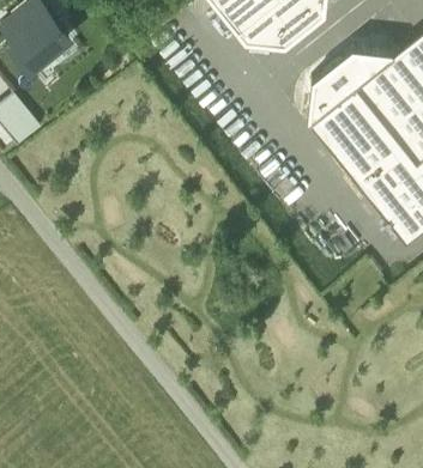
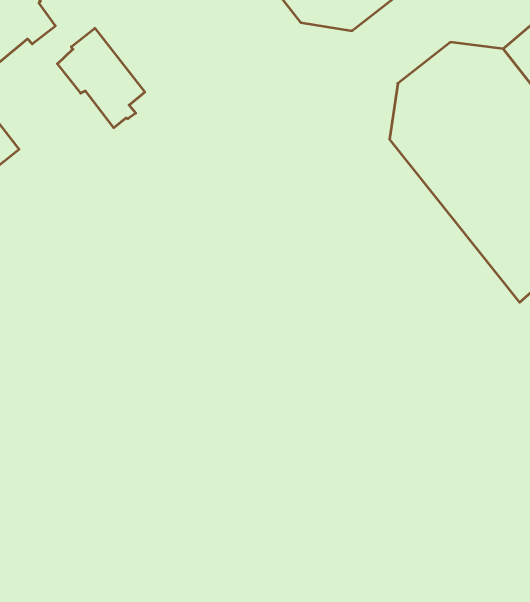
building: none -> [57,28,145,128]

